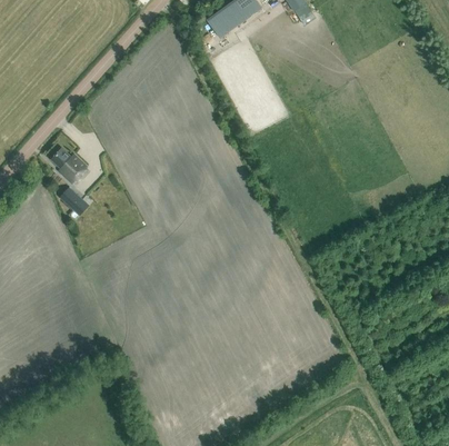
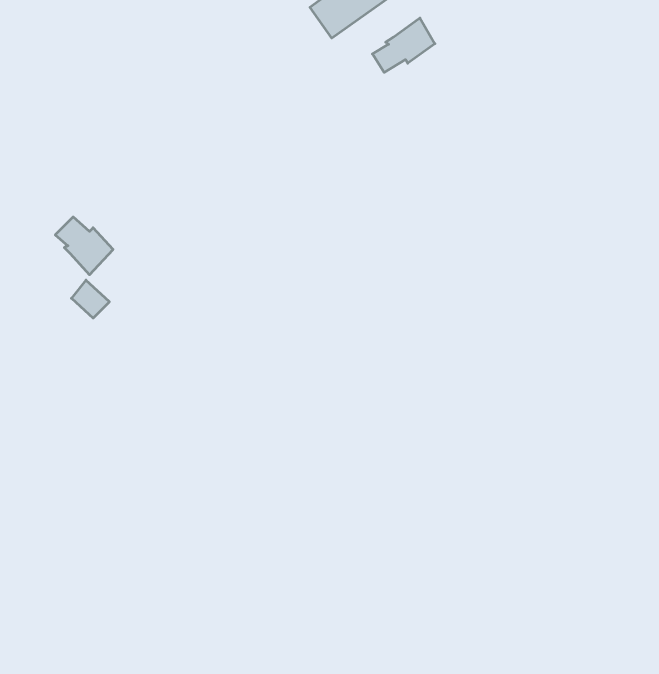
building: none -> [372,18,435,72]

